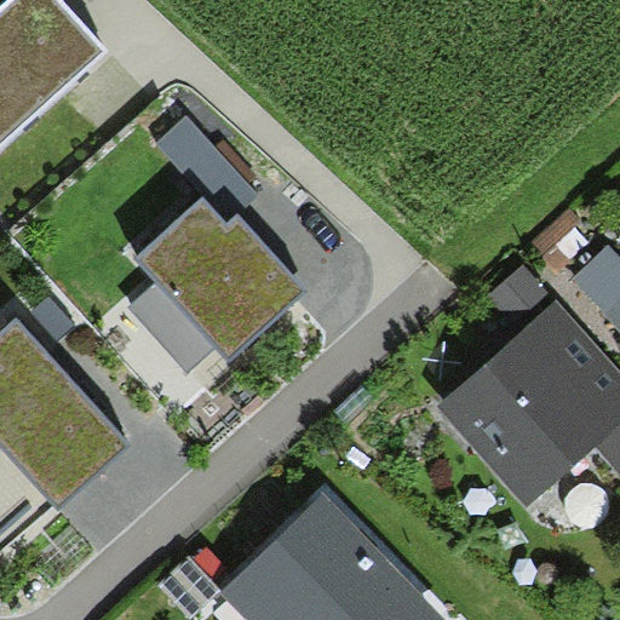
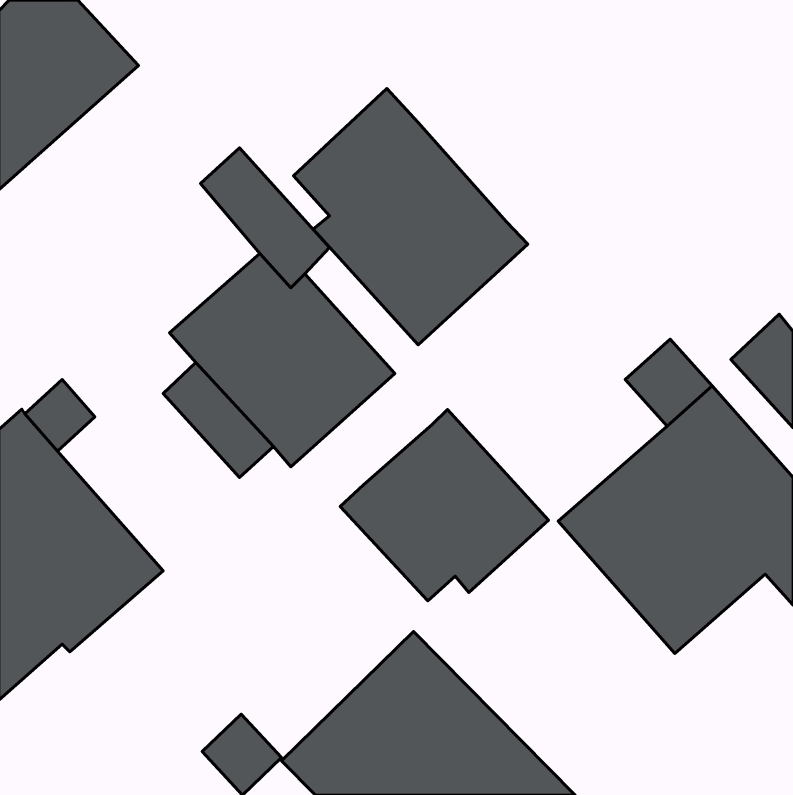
building: none -> [294,88,528,345]
building: none -> [340,409,549,601]

